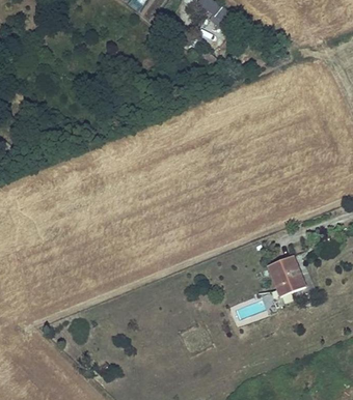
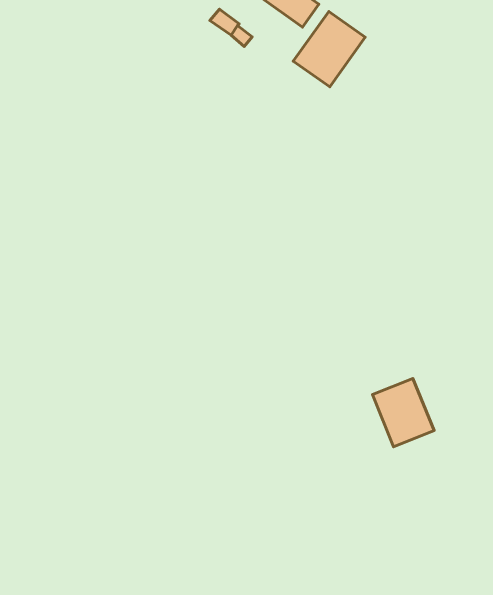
building: none -> [293,11,365,87]

